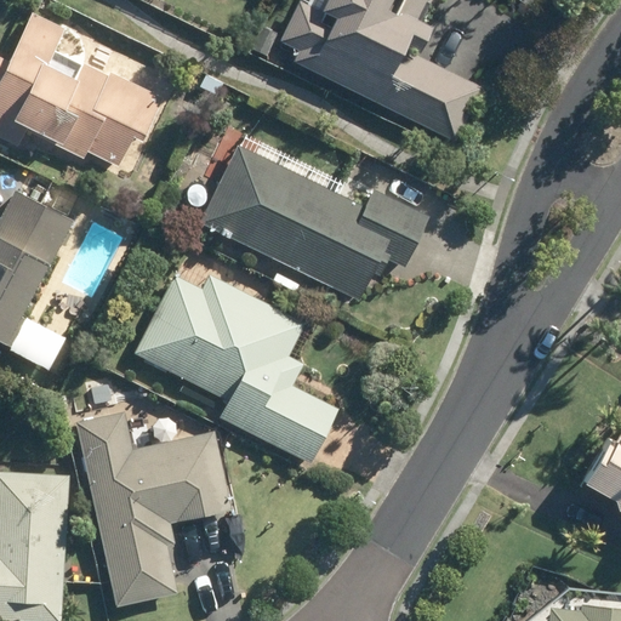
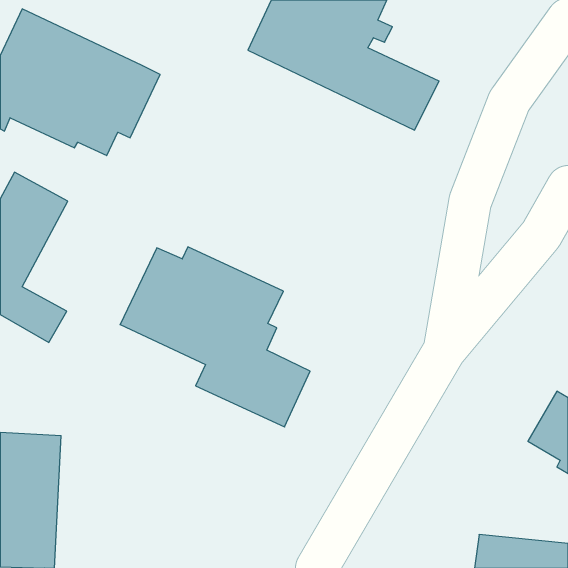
building: [195,141,429,304] -> none
building: [67,410,235,609] -> none

